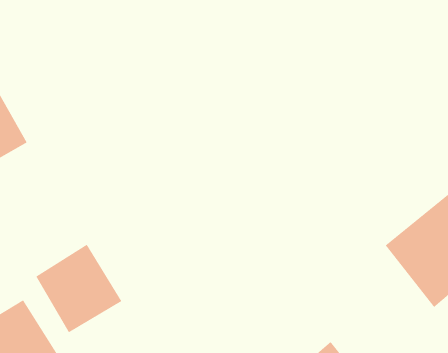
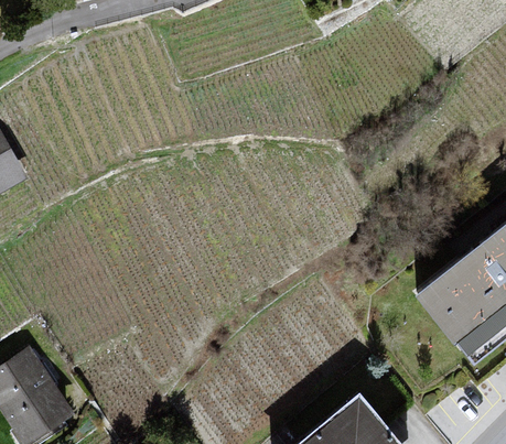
building: [36,244,122,333] -> none

